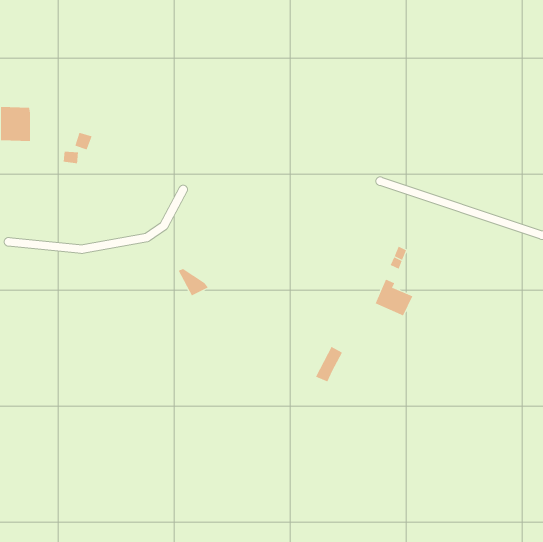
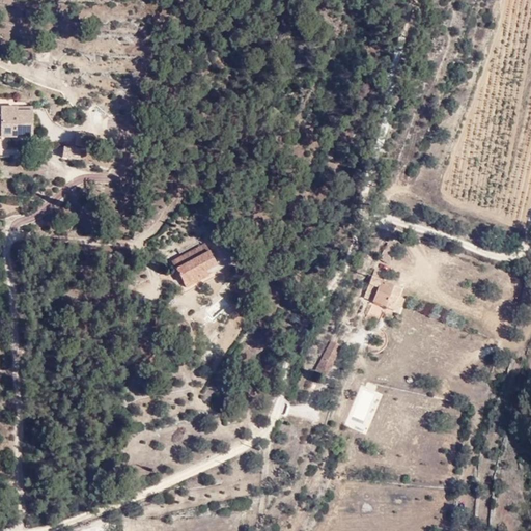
building: none -> [179,246,218,276]

